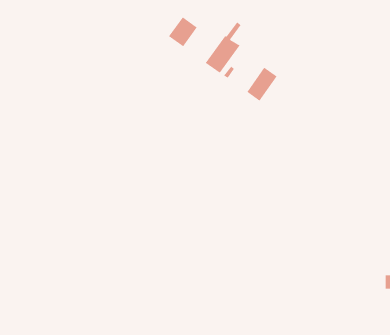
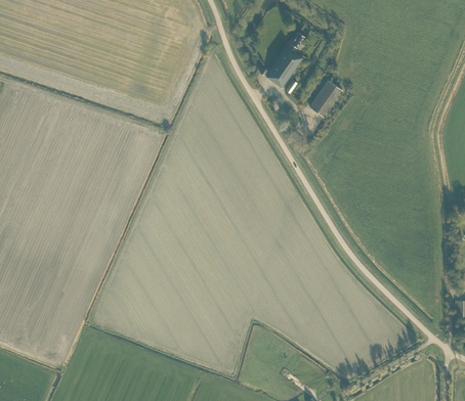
building: [168,17,198,47] -> none

